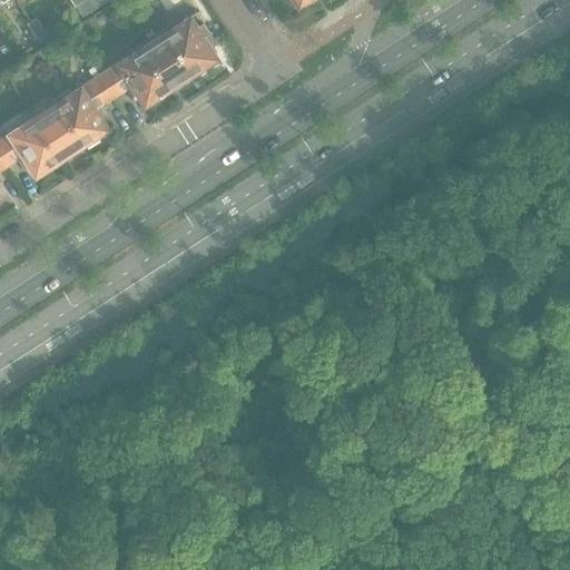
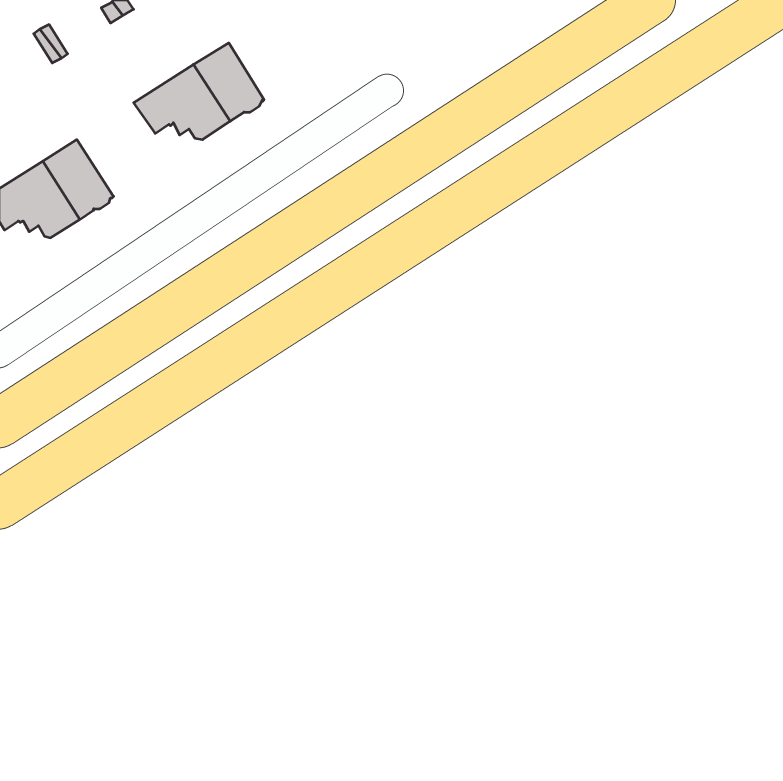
building: [166,14,215,75] -> none
building: [56,77,112,145] -> none

